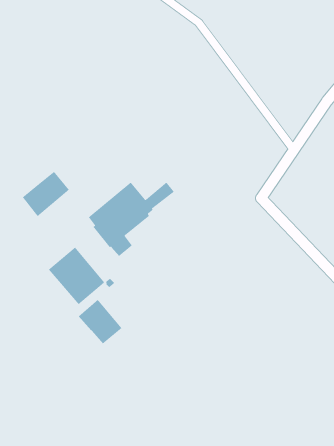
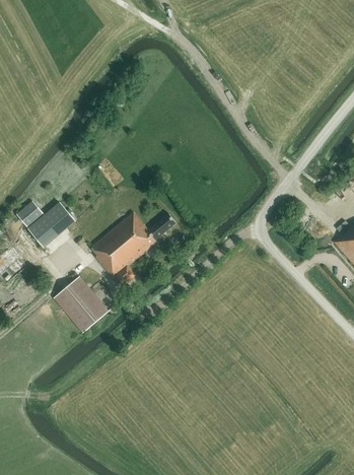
building: none -> [15,200,44,227]
building: [78,299,122,345] -> none

